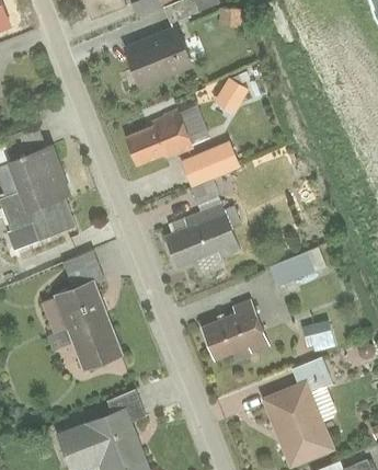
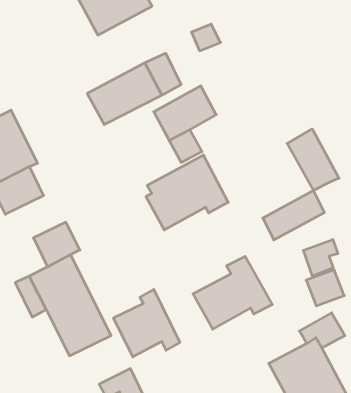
building: none -> [287,129,339,191]
building: none -> [303,239,338,276]
building: none -> [114,289,180,357]

